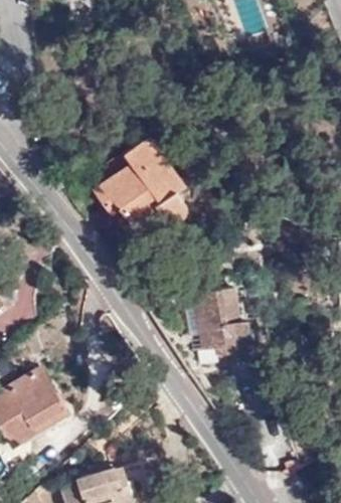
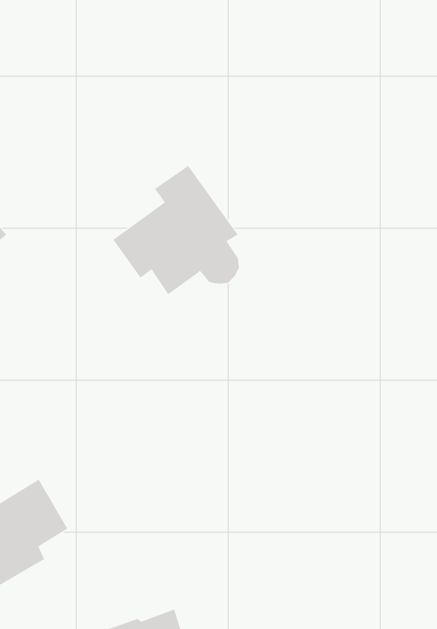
building: [193,287,251,353] -> none

